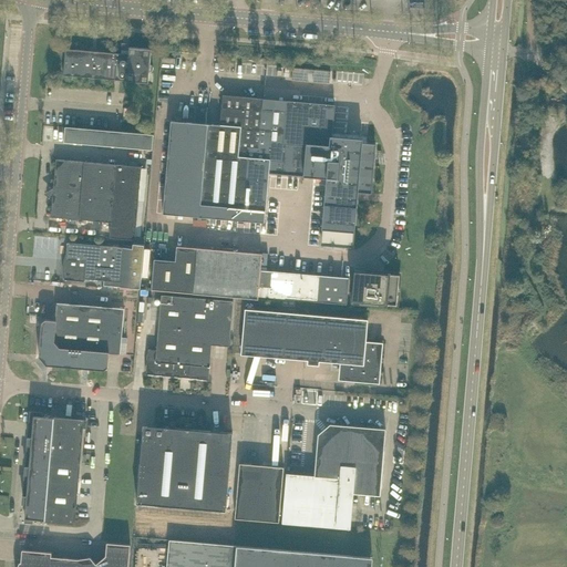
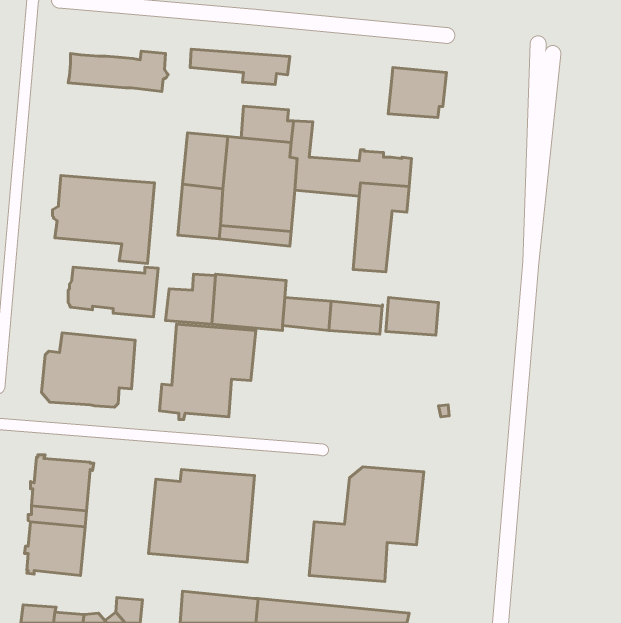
building: [281,101,334,146] -> [388,68,447,118]
building: [66,123,157,155] -> [190,49,290,85]
building: [240,309,382,382] -> none
building: [234,463,282,522] -> none

